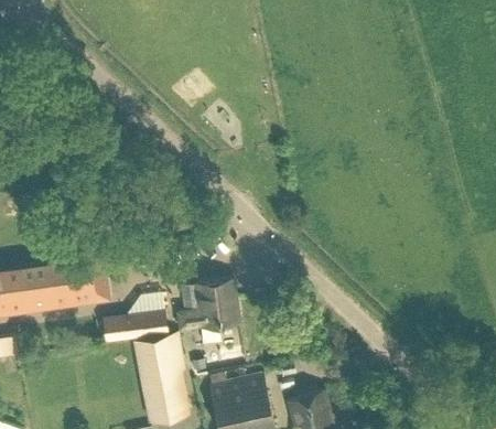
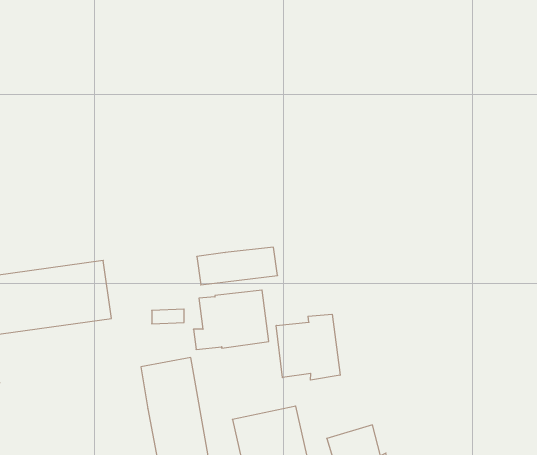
building: none -> [276,314,340,380]
building: [103,310,169,341] -> [197,247,278,285]

